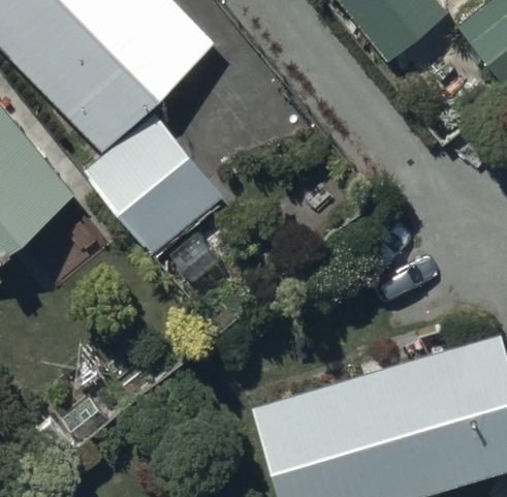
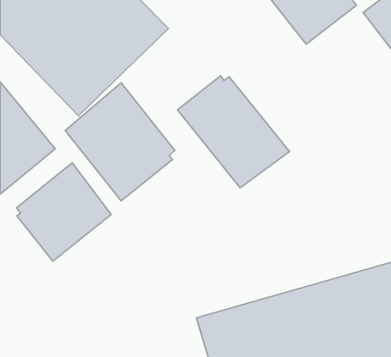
building: none -> [178,76,290,188]
building: none -> [16,163,111,261]

